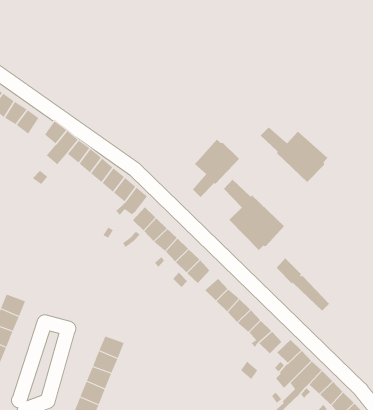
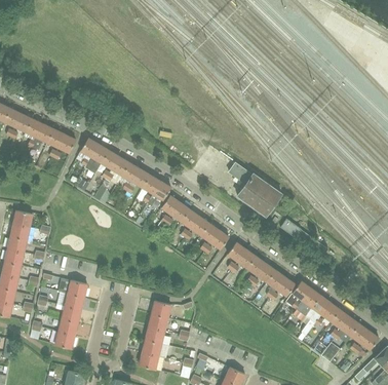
building: [260,126,328,183] -> none
building: [192,139,240,198] -> none

